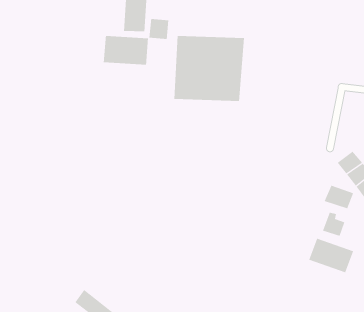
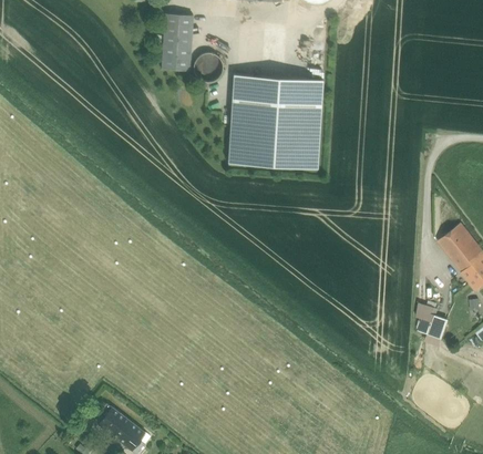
building: [103,35,149,66] -> none
building: [324,185,354,209] -> none
building: [309,238,354,273] -> none

